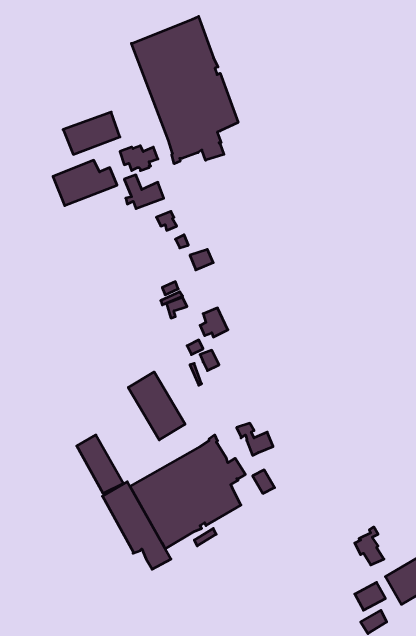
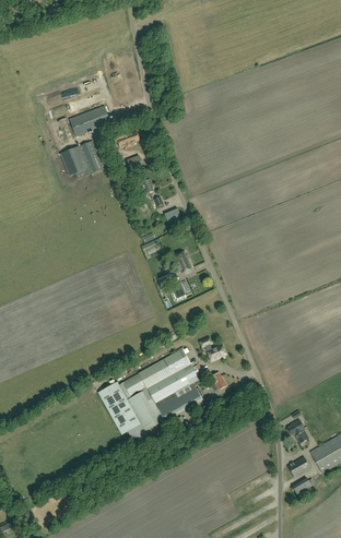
building: [131,16,238,164] -> none
building: [128,372,185,440] -> none
building: [77,435,123,494] -> none

